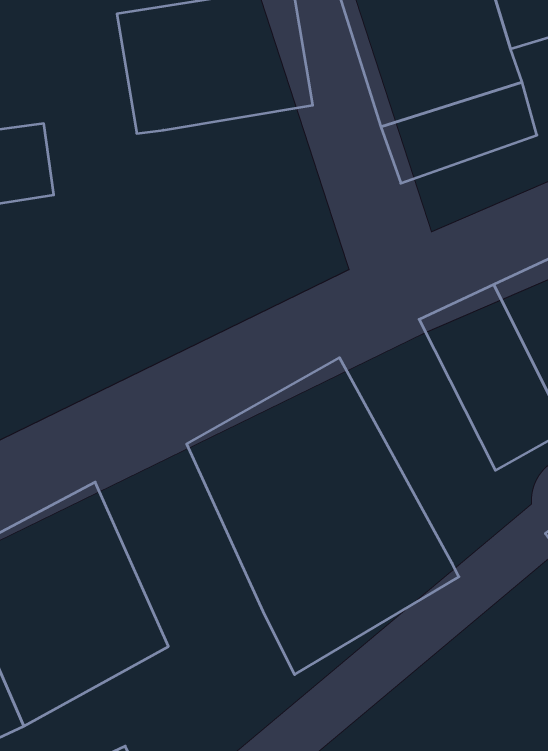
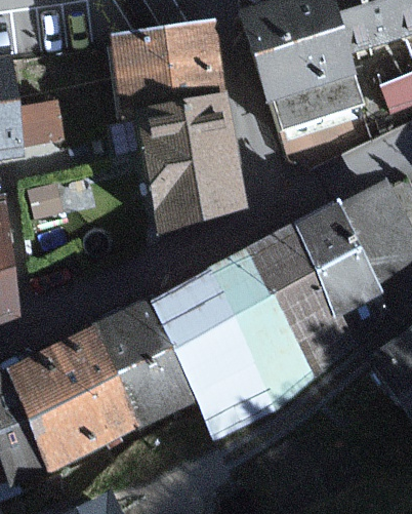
building: none -> [134,90,245,223]
building: none -> [243,223,354,373]
building: none -> [92,300,197,433]

